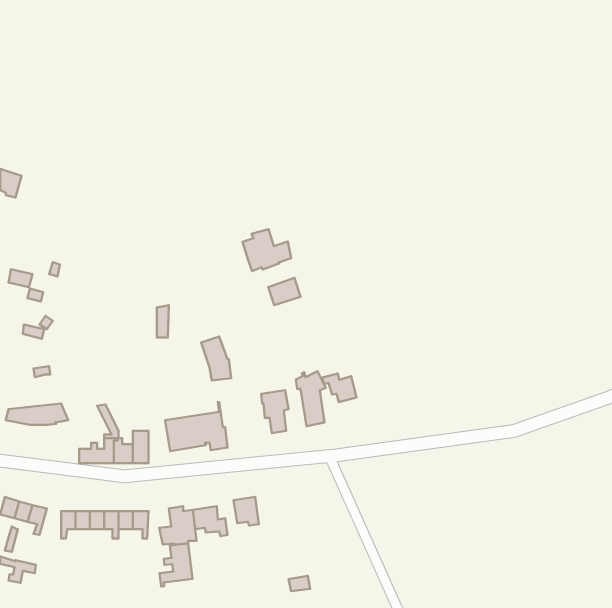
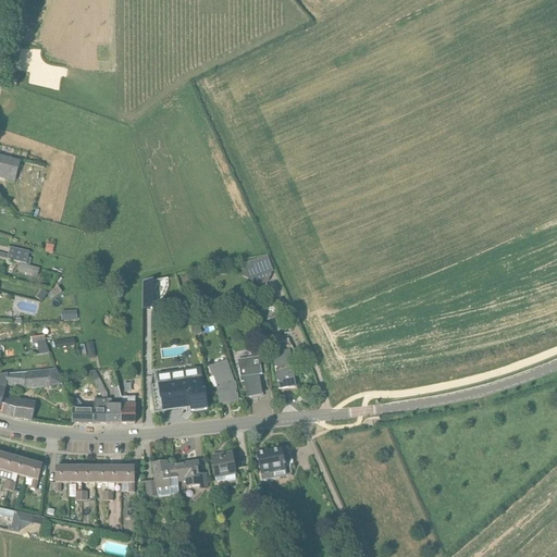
building: [242,229,291,271] -> none
building: [201,336,231,381] -> [210,360,237,400]
building: [322,374,356,402] -> none
building: none -> [7,396,36,418]
building: none -> [258,446,289,469]
building: [160,543,192,587] -> none

